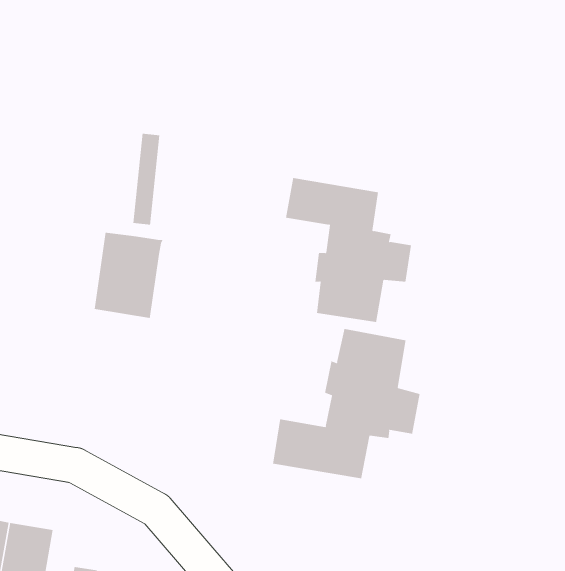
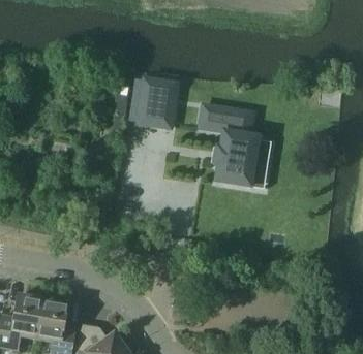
building: [94,232,164,318] -> [138,79,177,128]
building: [273,328,420,479] -> none

